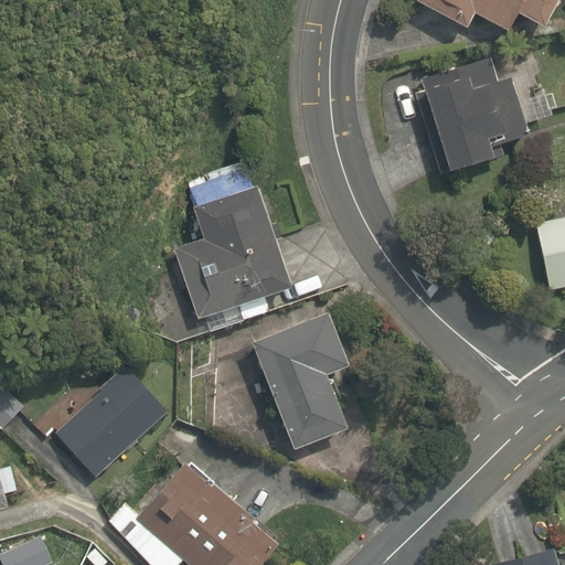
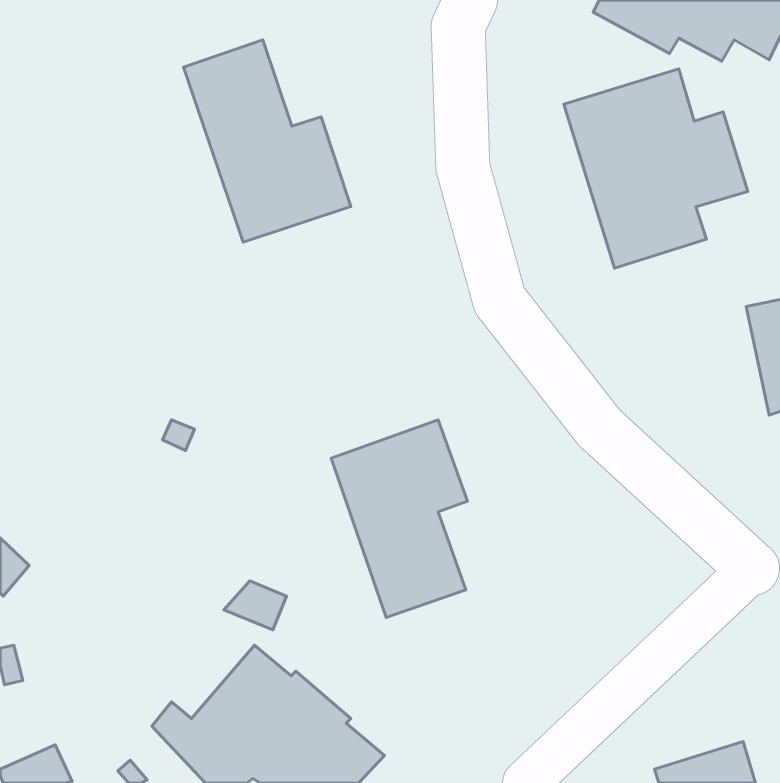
building: none -> [183,40,351,242]
building: [174,164,292,317] -> none
building: [58,366,169,478] -> none

